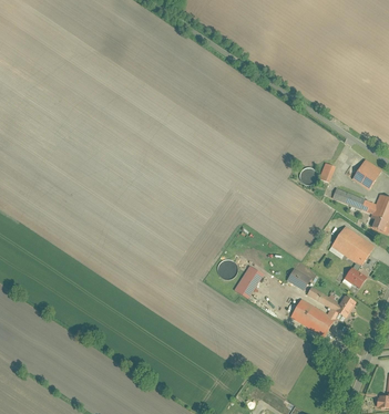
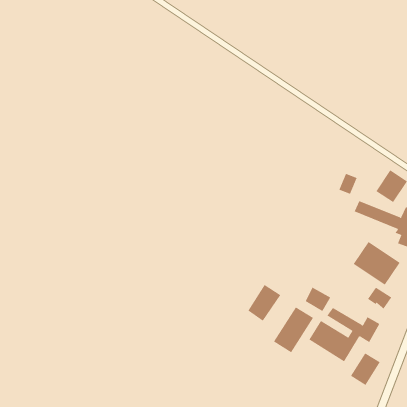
building: none -> [273,306,314,353]
building: none -> [350,352,380,386]

